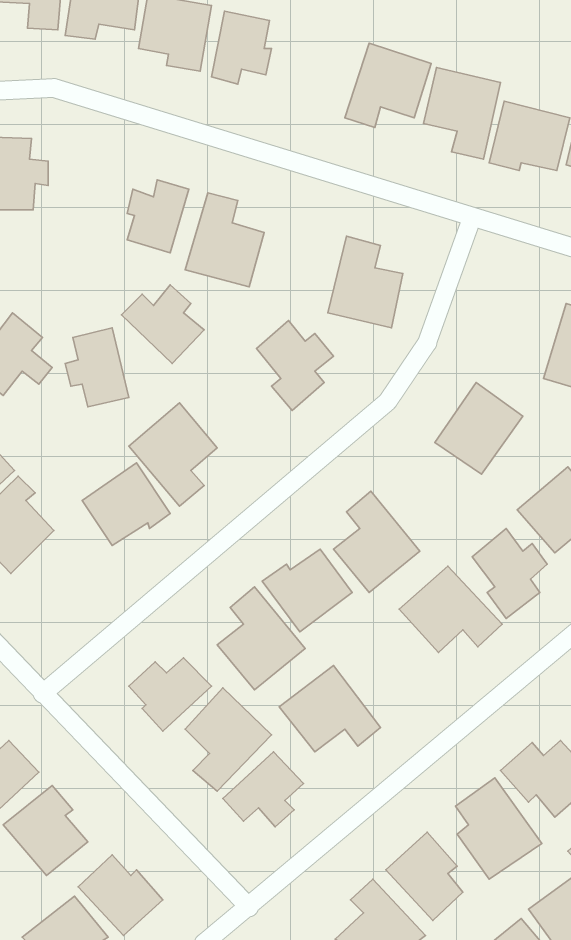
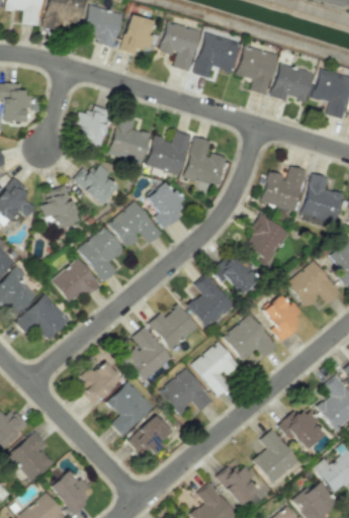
building: none -> [159,21,201,72]
building: none -> [145,131,191,176]
building: none -> [260,166,306,211]
building: none -> [107,201,162,249]
building: none -> [213,253,259,295]
building: none -> [15,294,70,340]
building: none -> [191,342,239,397]

